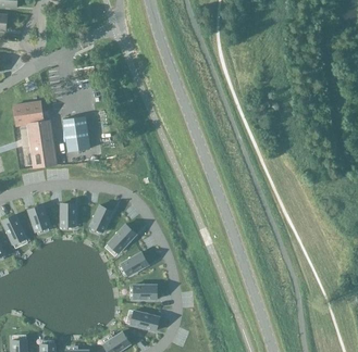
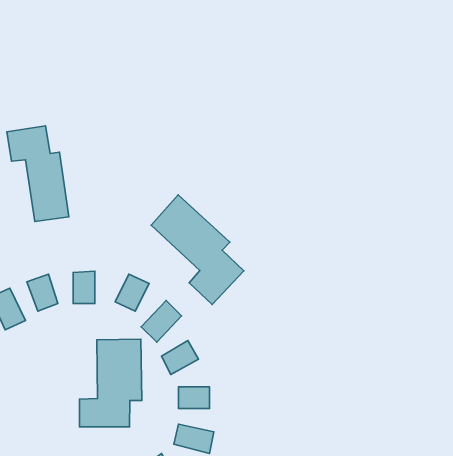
building: [62,114,90,151] -> none
building: none -> [151,195,244,305]
building: none -> [79,339,142,427]

